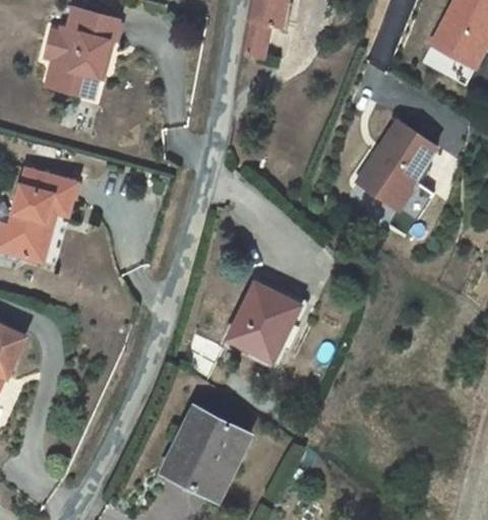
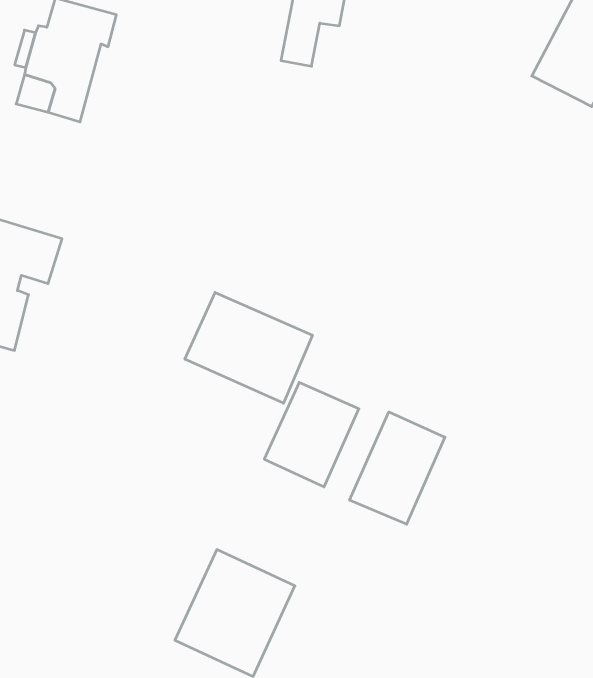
building: [355,120,436,220] -> none
building: none -> [185,292,312,403]
building: none -> [350,412,445,524]

